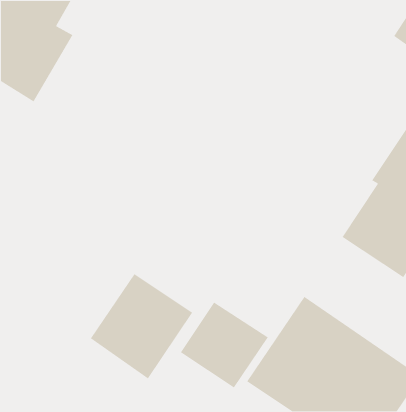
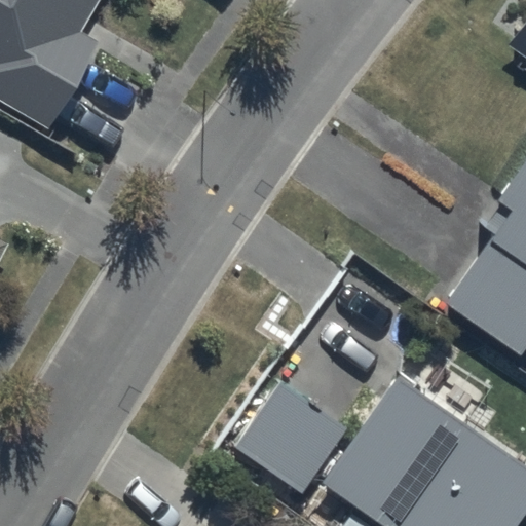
building: [90,273,193,379] -> none

